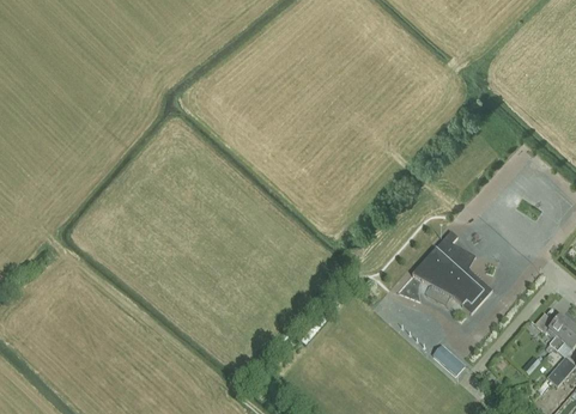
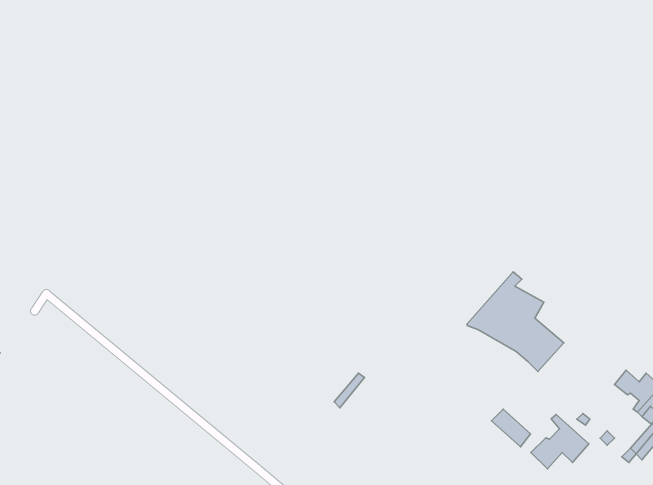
building: none -> [531,414,589,469]

